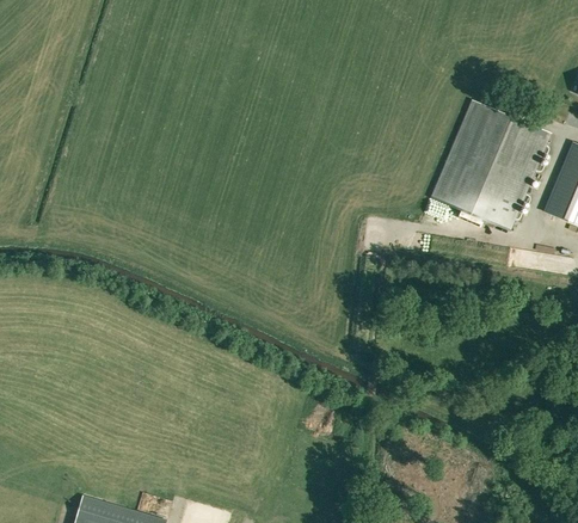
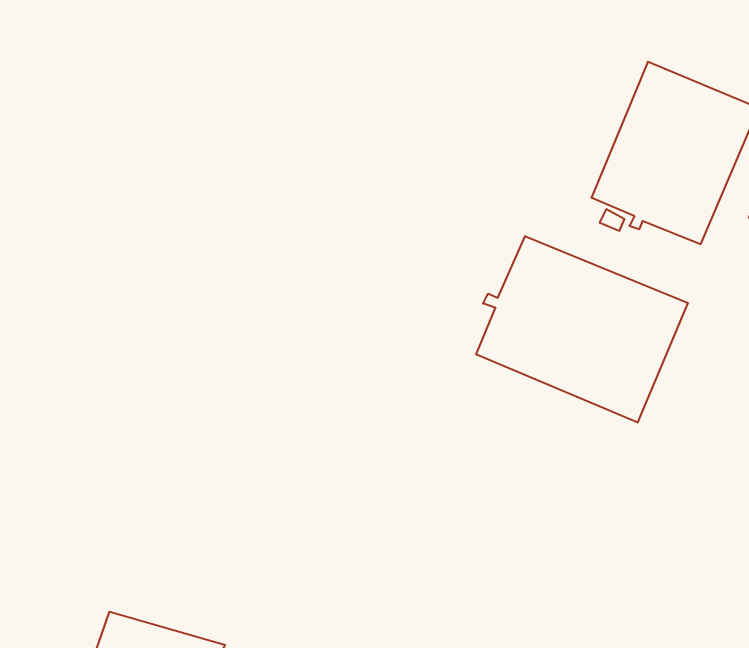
building: none -> [476,236,688,423]

